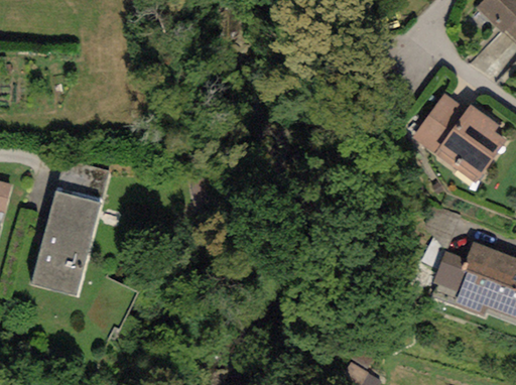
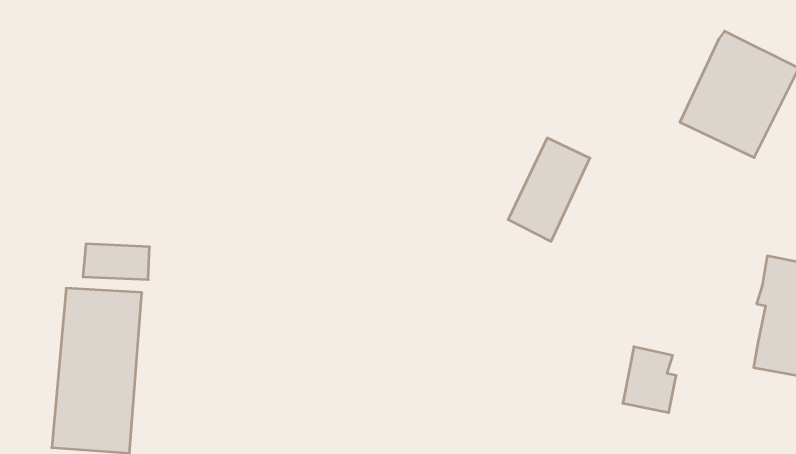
building: [411,92,466,153] -> [508,138,590,241]
building: [432,249,467,291] -> [623,347,676,413]

